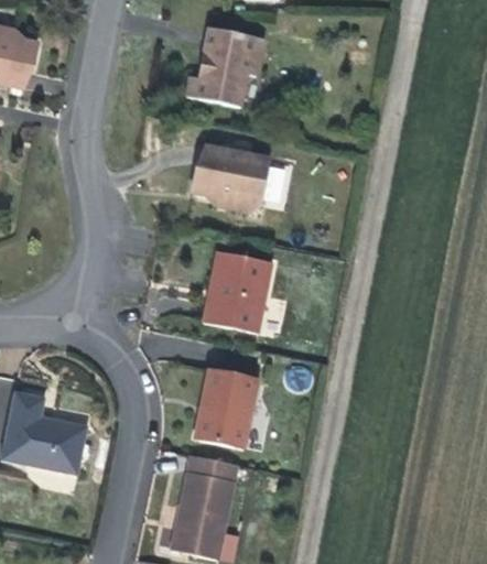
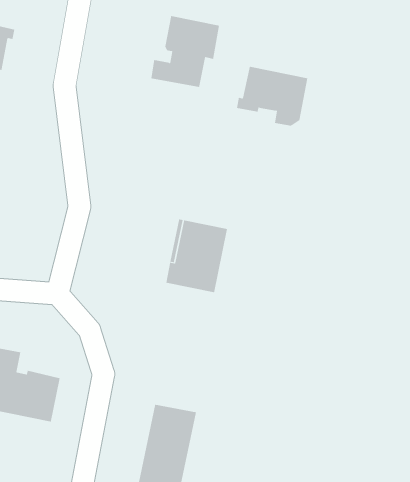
building: [191,144,270,210] -> [236,66,308,126]
building: [199,367,258,447] -> none

